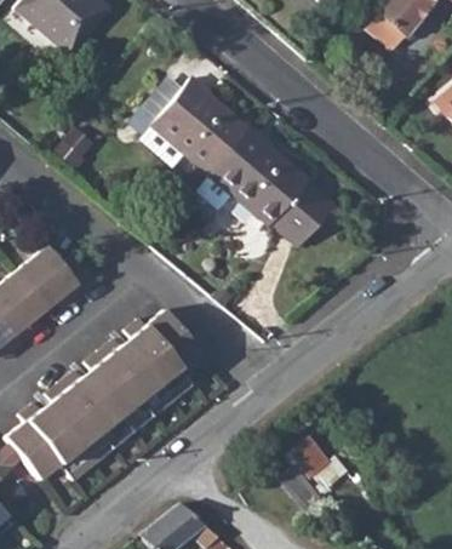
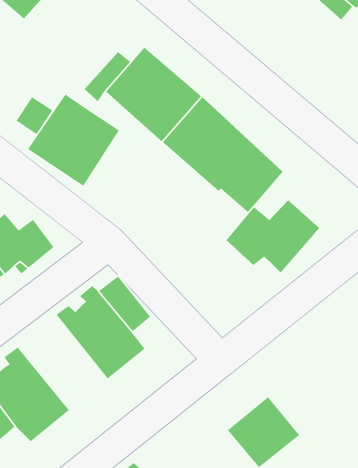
building: none -> [27,93,120,187]
building: none -> [225,199,320,273]
building: [59,351,151,450] -> none

